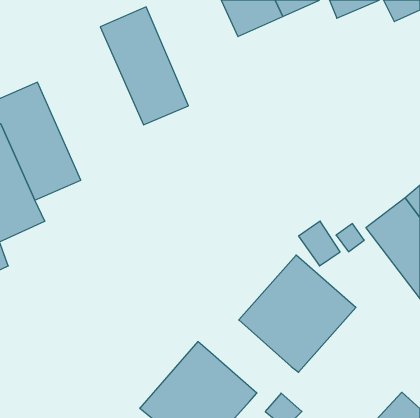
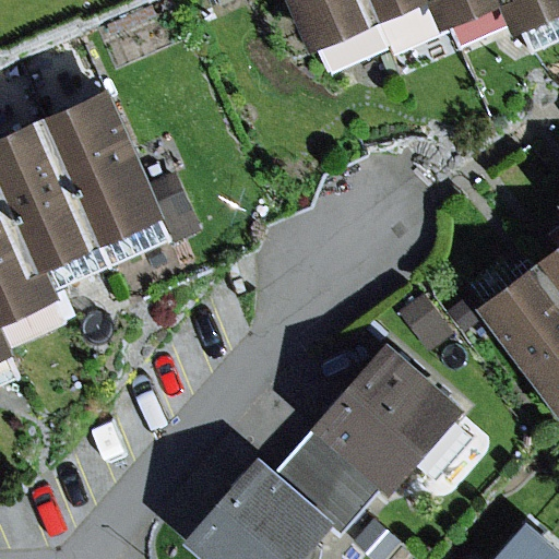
building: [100,7,188,125] -> [49,91,165,246]
building: none -> [276,429,382,544]

